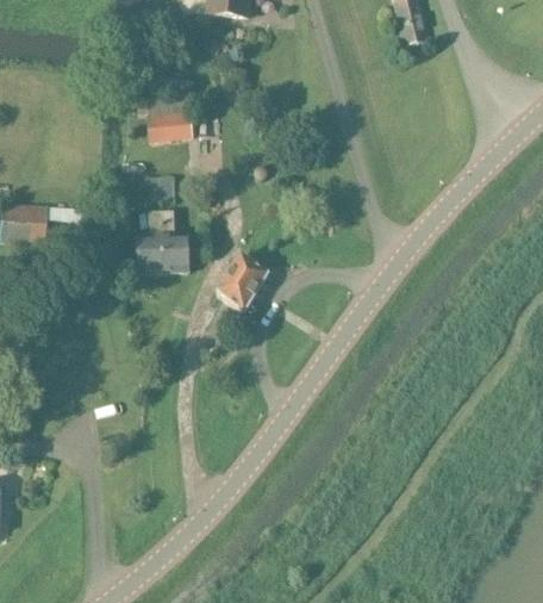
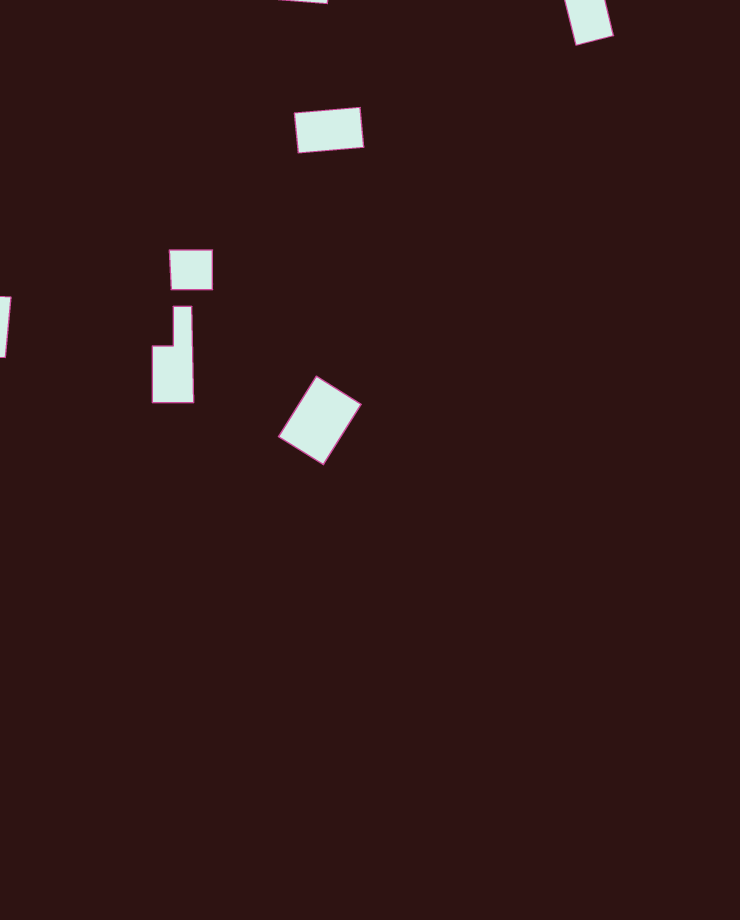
building: [148,111,192,139] -> [294,108,364,153]
building: [162,209,188,271] -> none

